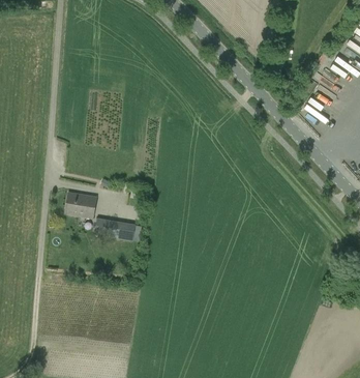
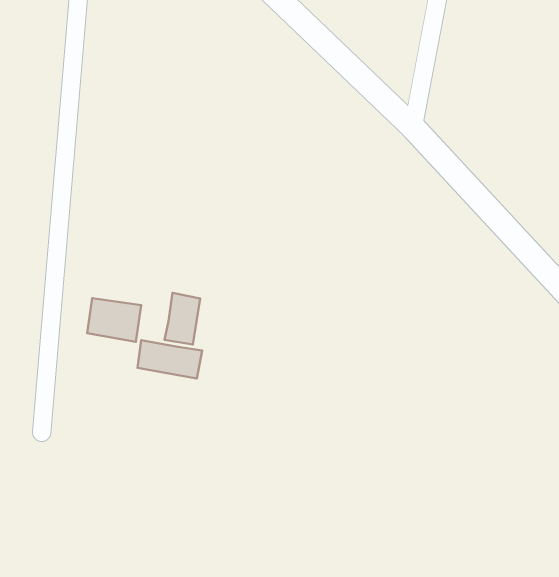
building: none -> [164,293,200,344]

